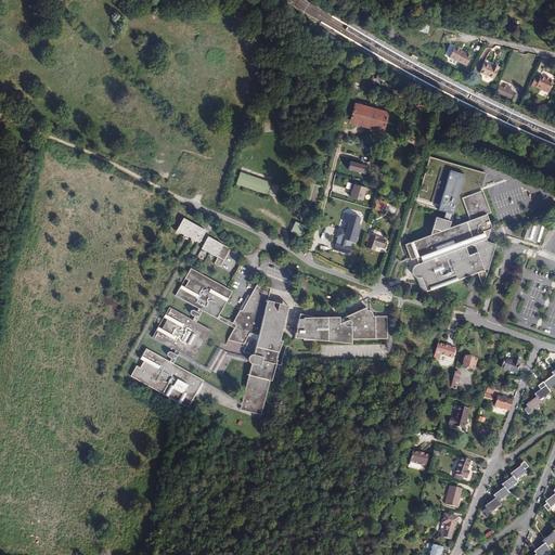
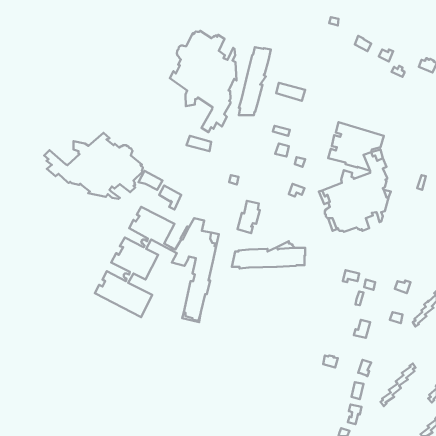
building: none -> [170,31,236,132]
building: none -> [239,47,271,115]
building: none -> [44,133,143,199]
building: [334,212,362,254] -> [237,201,260,233]

